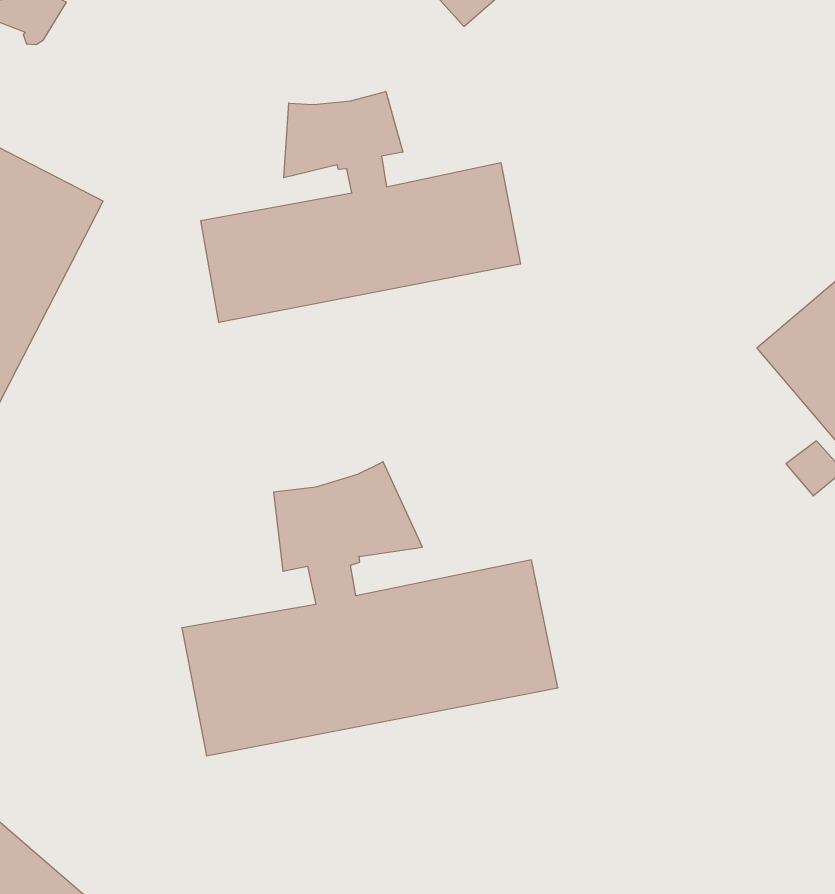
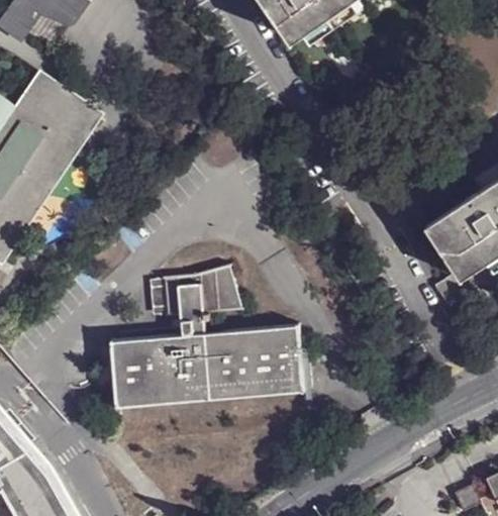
building: [201,91,521,323] -> none

